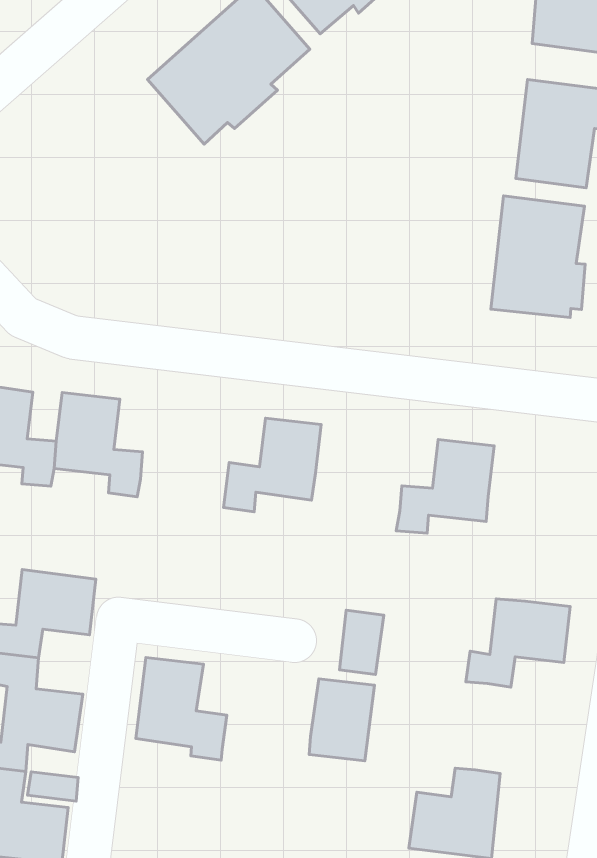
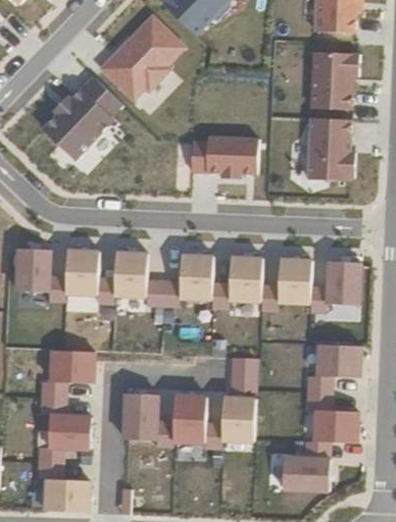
building: none -> [42,75,121,159]
building: none -> [191,137,258,178]
building: none -> [114,250,163,305]
building: none -> [211,255,262,308]
building: none -> [309,260,360,312]
building: none -> [172,395,221,455]
building: none -> [305,392,359,442]

